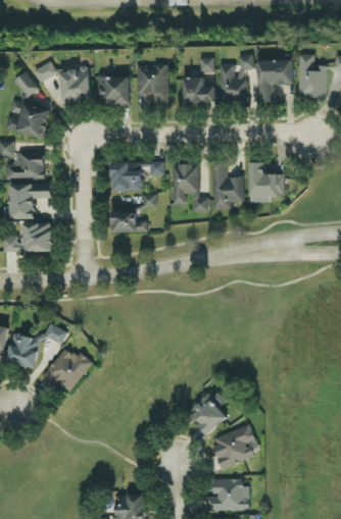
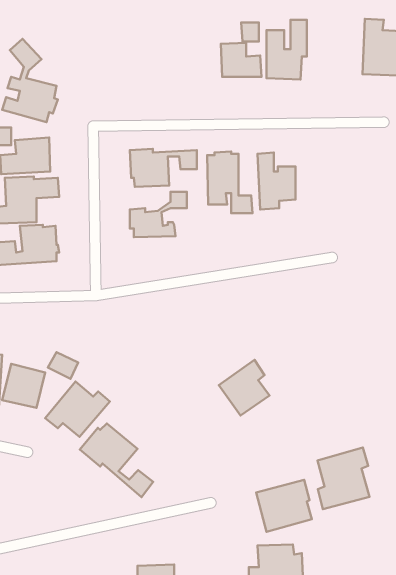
building: [258,59,295,103] -> none
building: [34,60,93,102] -> none
building: [138,62,169,105] -> none
building: [98,72,128,103] -> none
building: [249,160,285,195] -> none
building: none -> [80,423,153,497]
building: [189,390,230,434] -> [219,360,270,416]
building: none -> [317,447,369,509]

